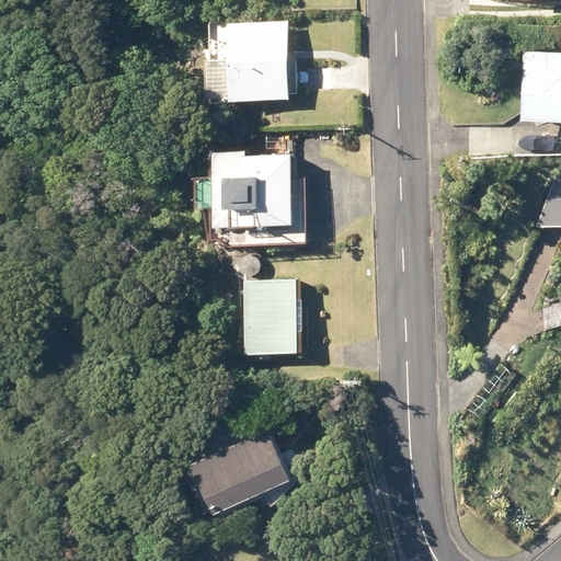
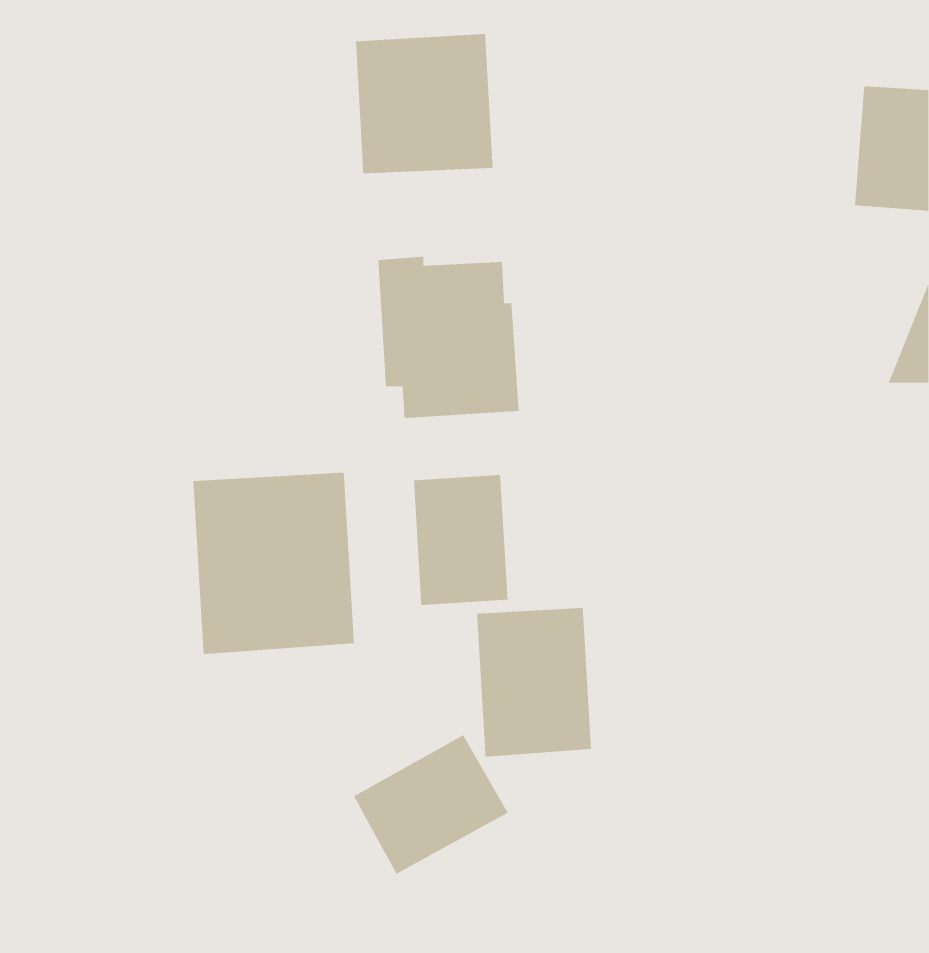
building: none -> [193,472,354,655]
building: none -> [476,607,592,758]

